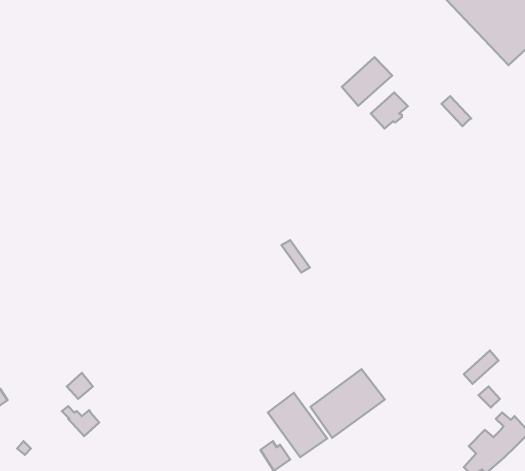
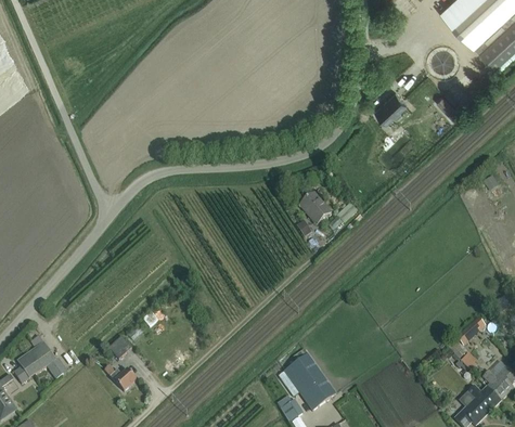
building: [342,57,392,106] -> none
building: none -> [299,193,331,223]
building: [310,369,385,438] -> none

